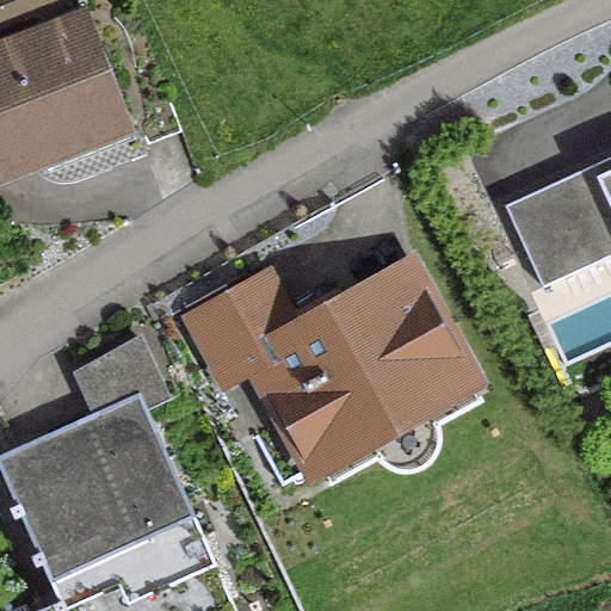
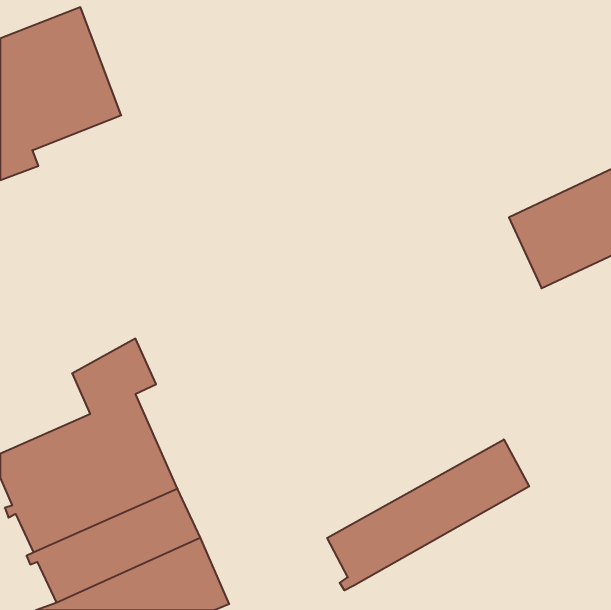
building: [192,267,468,467] -> none
building: none -> [327,439,529,590]

